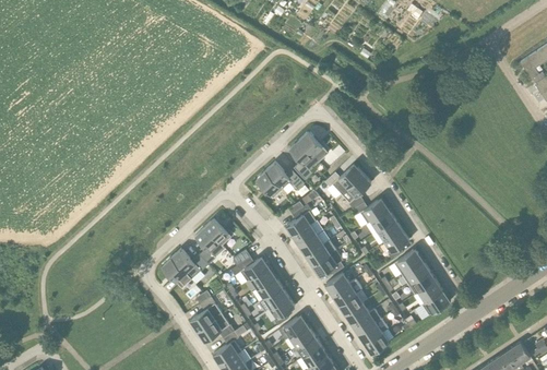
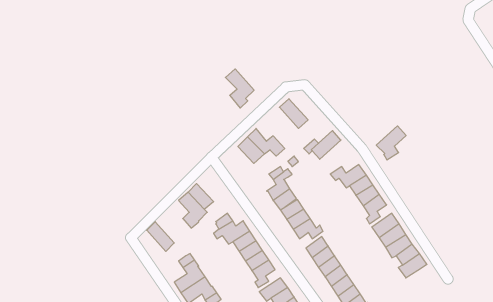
building: [289,140,319,180] -> [225,69,254,108]
building: [341,174,371,208] -> [376,126,406,160]
building: [171,249,209,279] -> none

